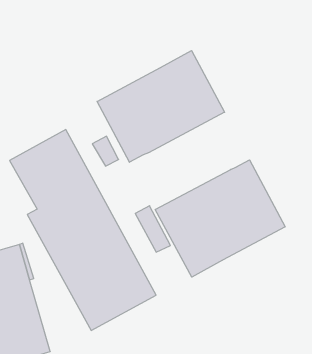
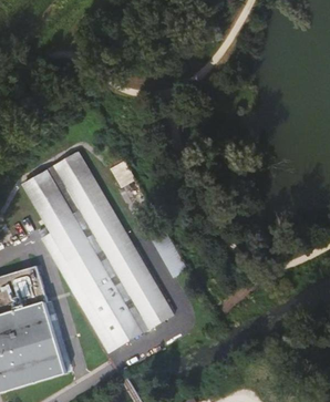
building: [97,51,225,162] -> none
building: [155,160,285,277] -> none

